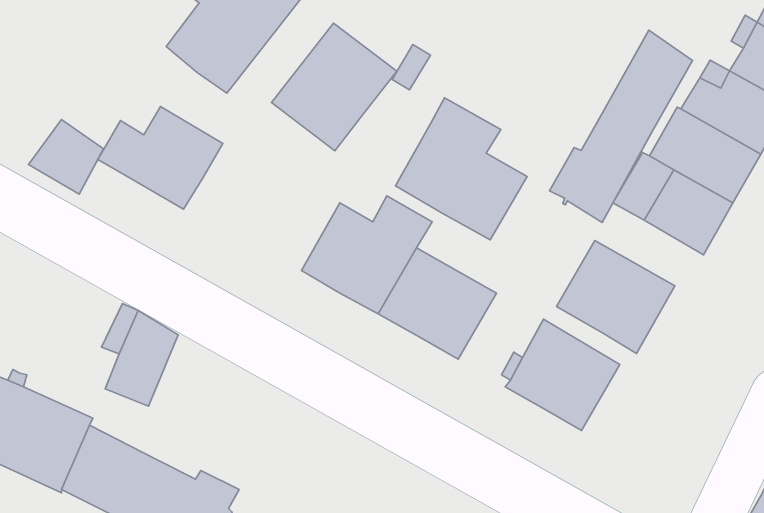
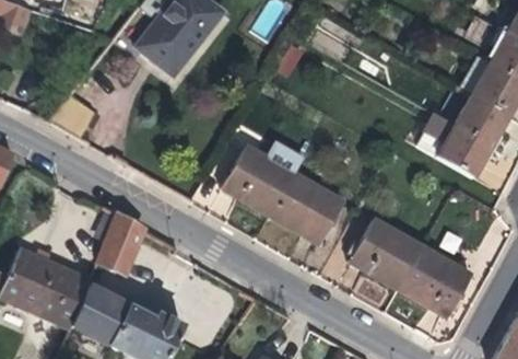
building: [272,23,397,151] -> none
building: [550,30,693,223] -> none
building: [396,98,527,240] -> none
building: [98,106,223,209] -> none
building: [557,241,675,354] -> [398,246,472,317]

